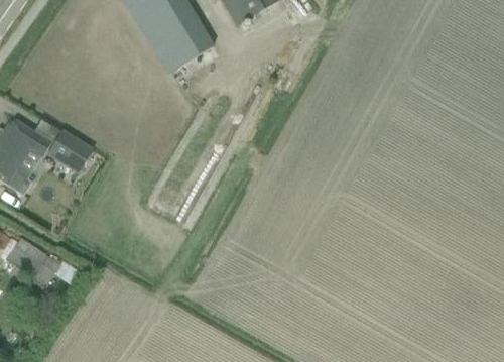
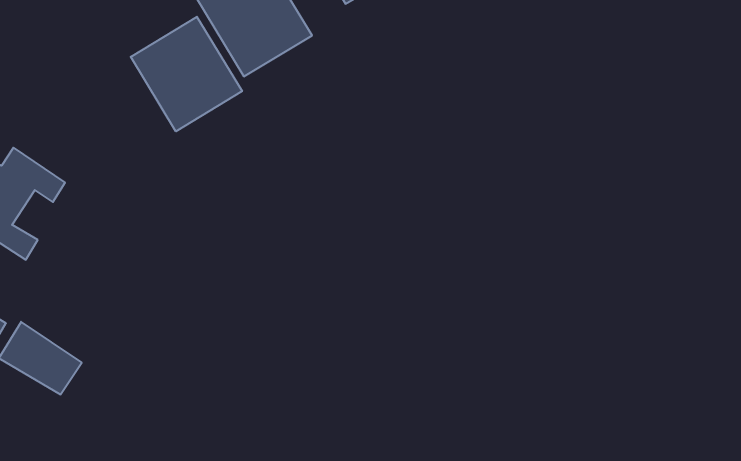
building: none -> [131,17,242,131]
building: [47,130,91,172] -> none

